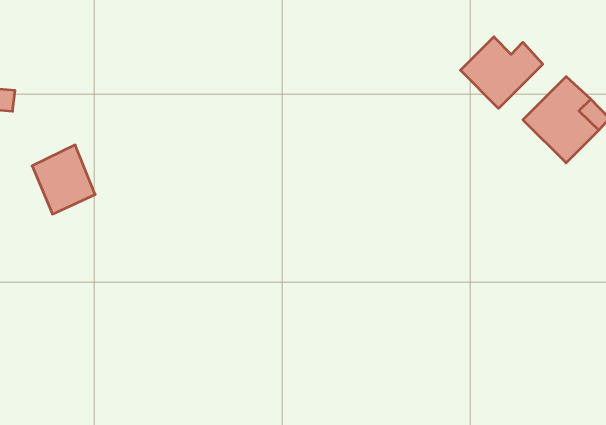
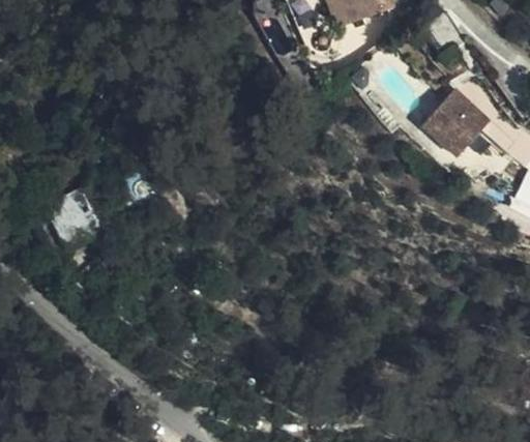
building: [460,37,543,108] -> none

